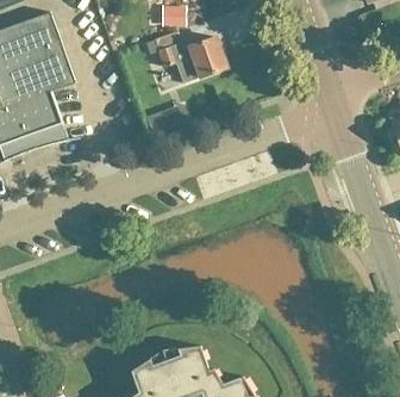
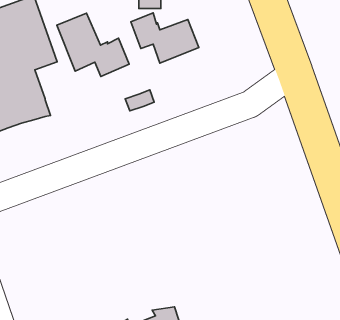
building: none -> [57,13,129,76]

